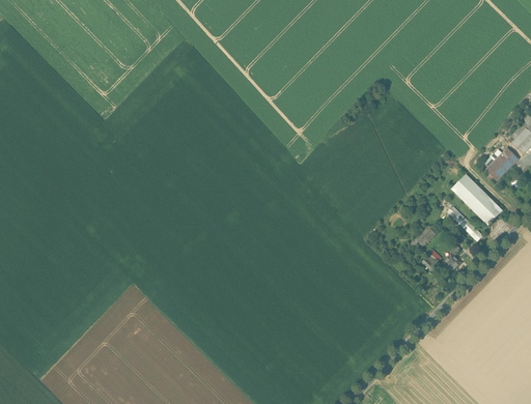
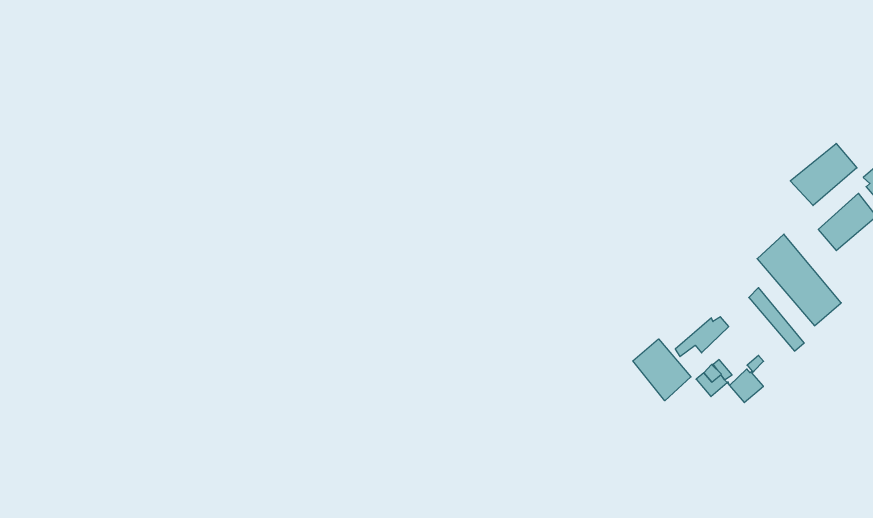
building: none -> [790,143,857,206]
building: none -> [633,339,691,401]

